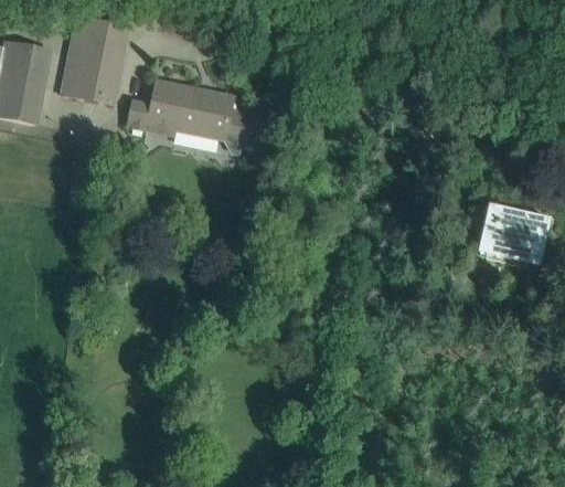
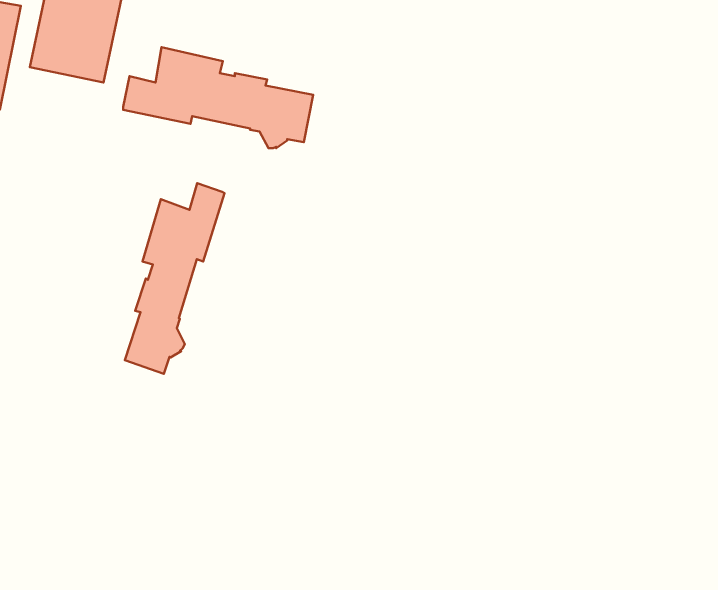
building: none -> [125,183,224,374]
building: [477,207,545,266] -> none

